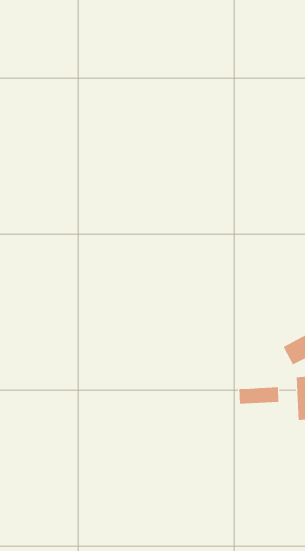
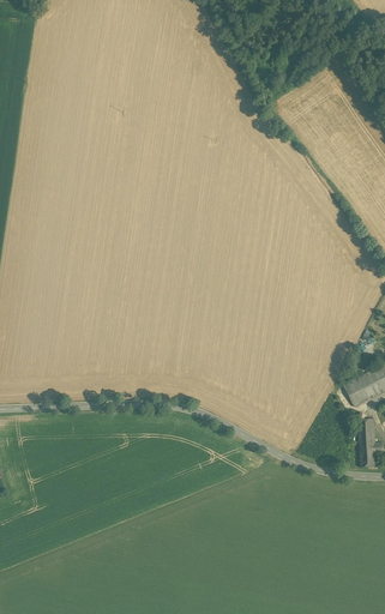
building: [239,386,279,405] -> none

